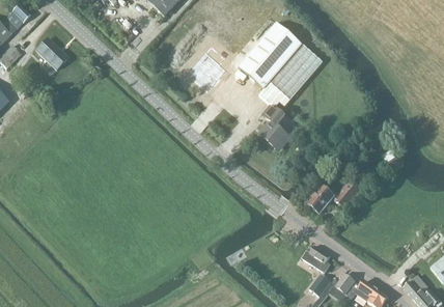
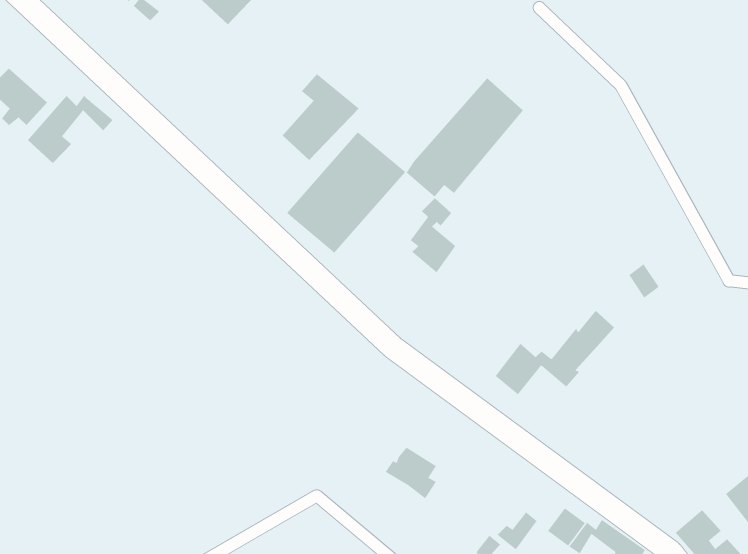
building: [238,23,302,88] -> [286,131,406,253]
building: none -> [27,94,113,164]
building: [303,245,331,273] -> [385,447,437,499]

